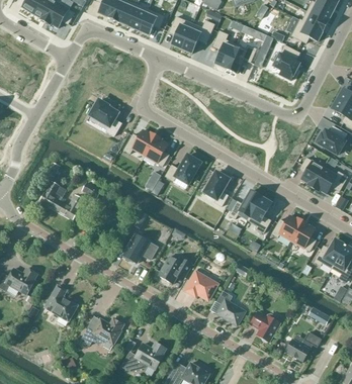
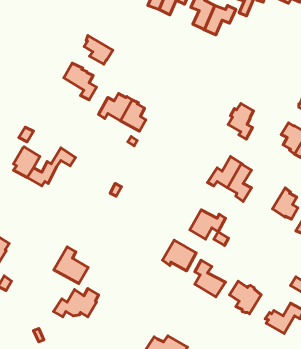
building: [272,45,298,80] -> none
building: none -> [84,35,113,64]
building: [164,155,199,183] -> none
building: [203,172,228,206] -> [228,103,253,139]
building: [270,214,302,241] -> none
building: [121,233,157,263] -> none
building: [157,256,191,284] -> [190,210,225,239]
building: [43,285,77,320] -> [54,247,88,283]
building: [120,343,165,371] -> none

